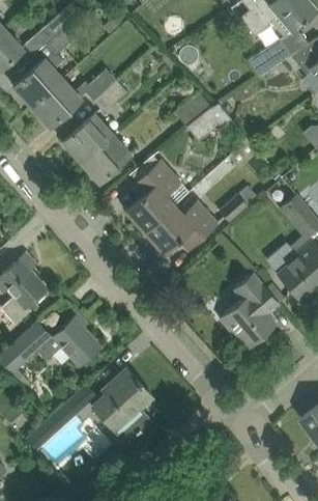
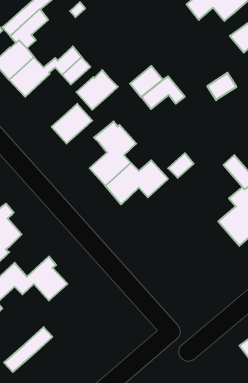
building: [256,38,290,71] -> [207,73,236,100]
building: [62,115,111,162] -> [76,70,118,110]
building: [219,272,278,346] -> none
building: [92,369,153,446] -> none

